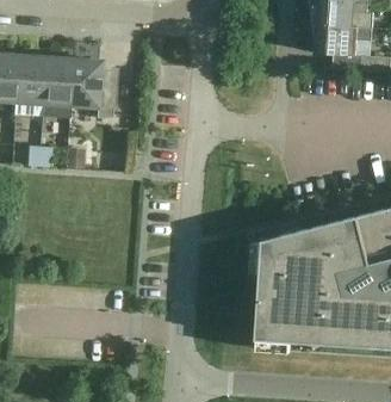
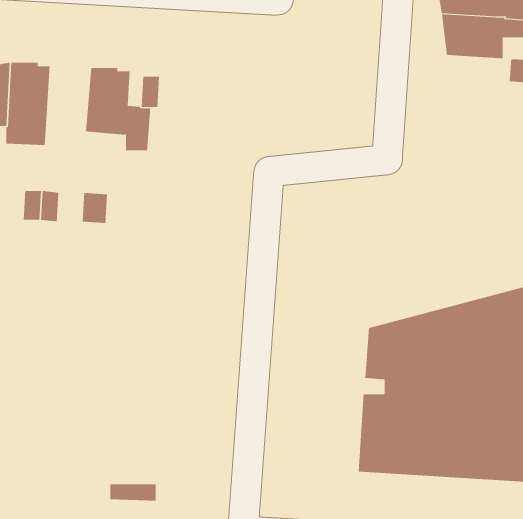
building: [42,58,73,117] -> none

